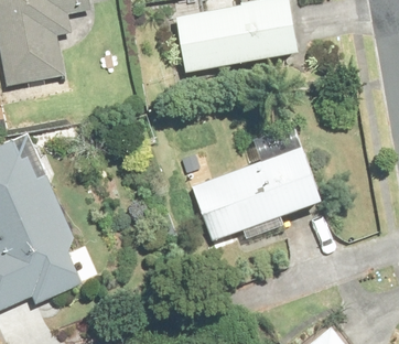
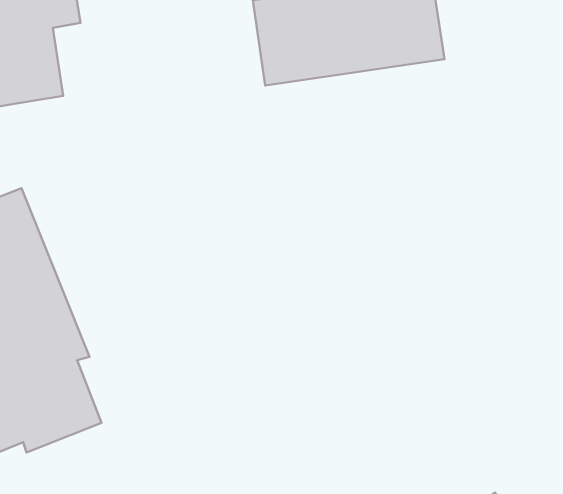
building: [193,148,321,240] -> none

